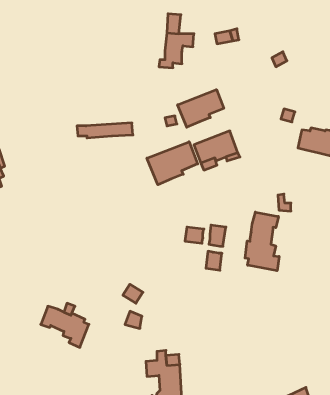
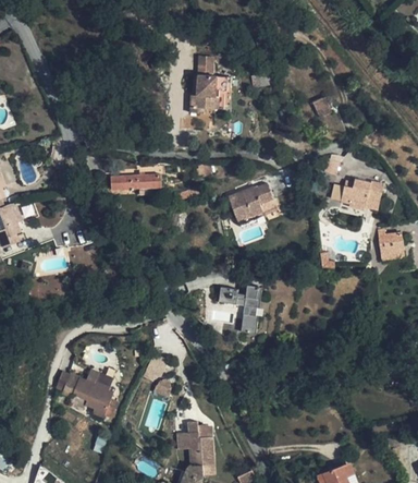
building: [178,90,224,127] -> none
building: [147,142,198,185] -> none
building: [245,212,279,271] -> none

